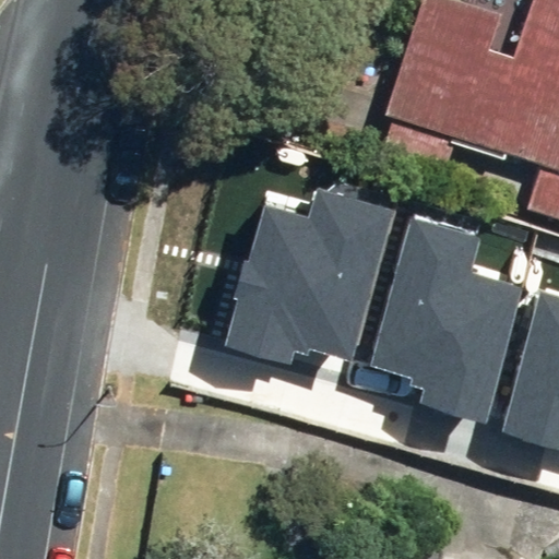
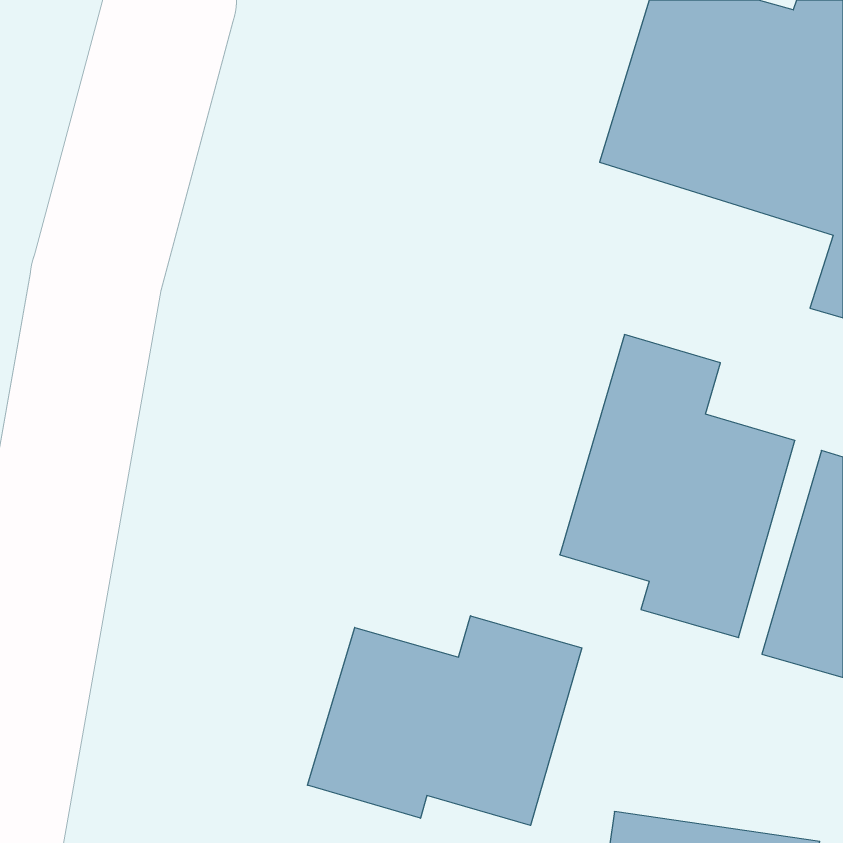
building: [226,191,392,366] -> none
building: none -> [307,616,582,825]

